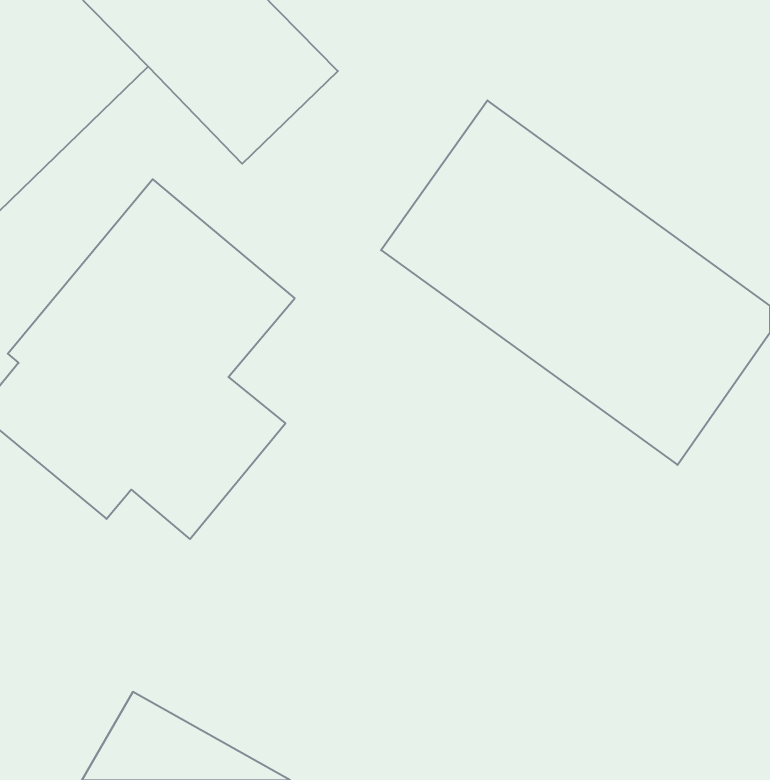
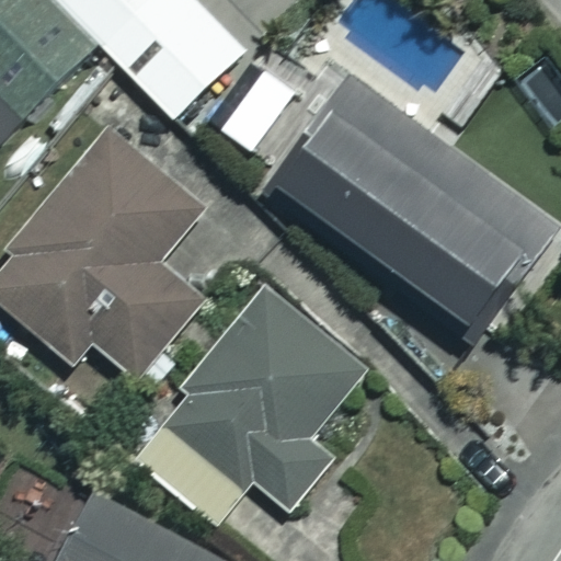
building: none -> [162,285,360,507]

